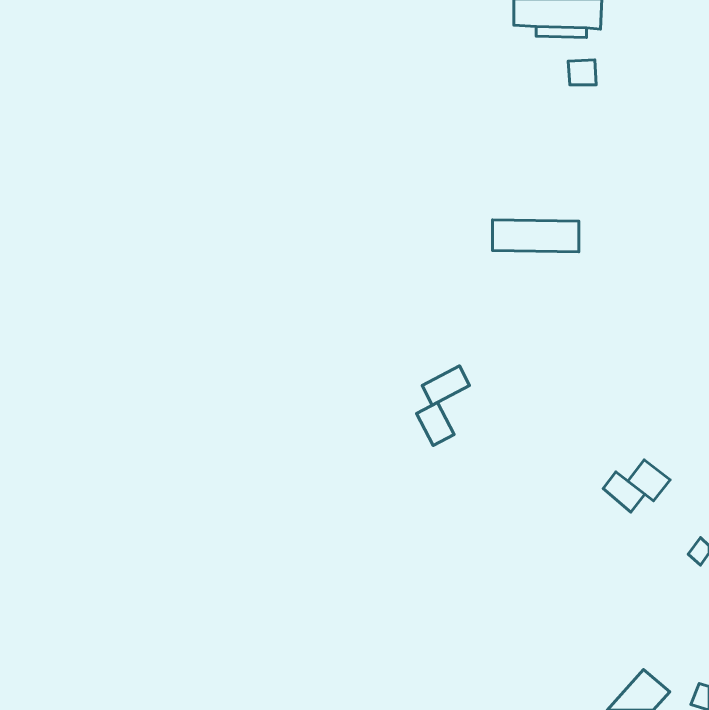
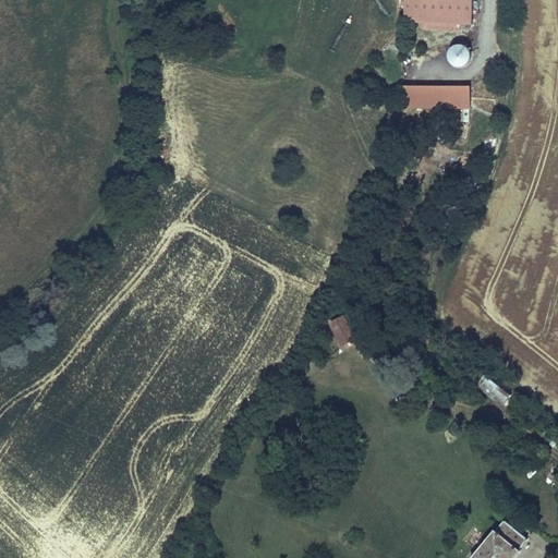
building: [493,220,579,252] -> [401,83,469,108]
building: [422,366,470,405] -> none
building: [628,460,670,501] -> none

